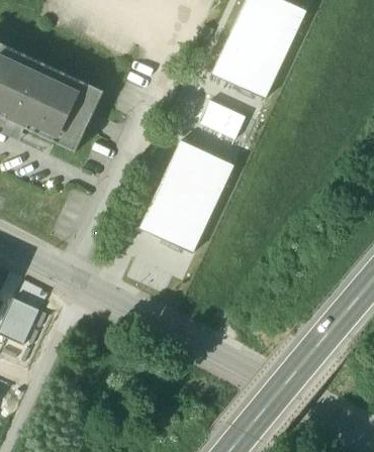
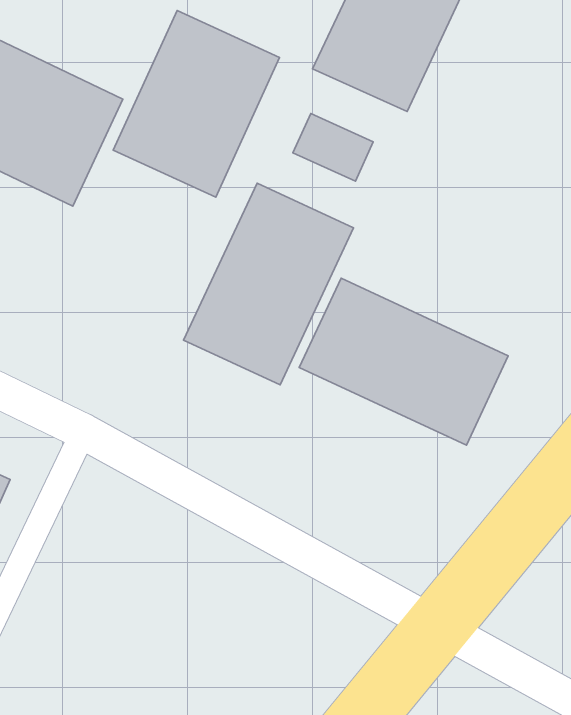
building: none -> [113,11,280,197]
building: none -> [299,278,508,445]

